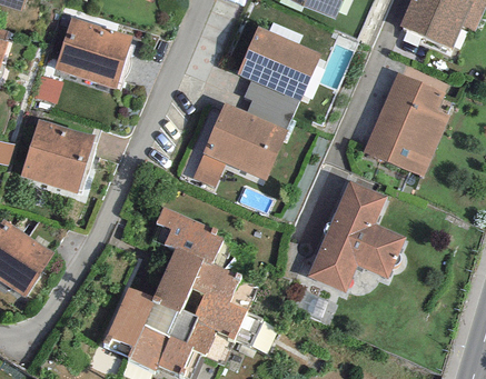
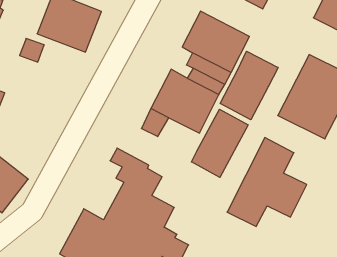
building: none -> [220,51,278,120]
building: [20,118,95,193] -> none
building: none -> [191,109,248,177]

